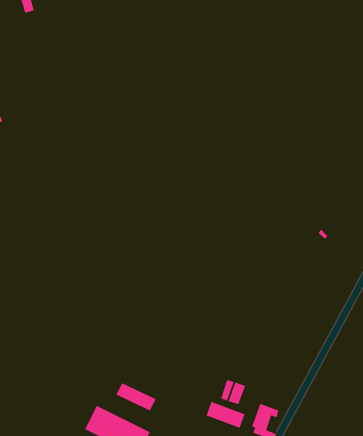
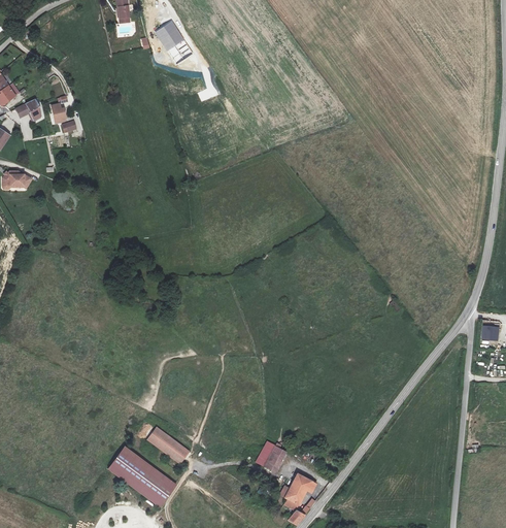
building: none -> [156,21,193,63]
building: [206,401,245,429] -> none

